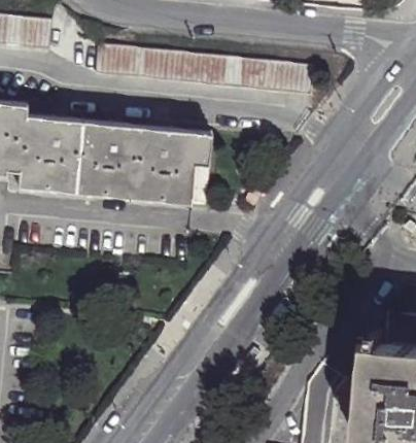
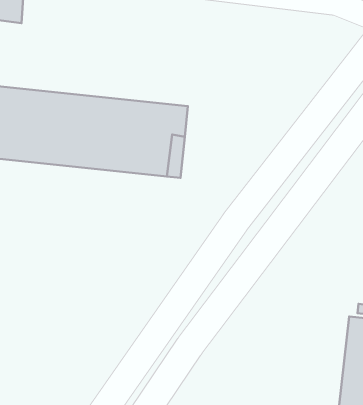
building: [89,42,307,96] -> none

